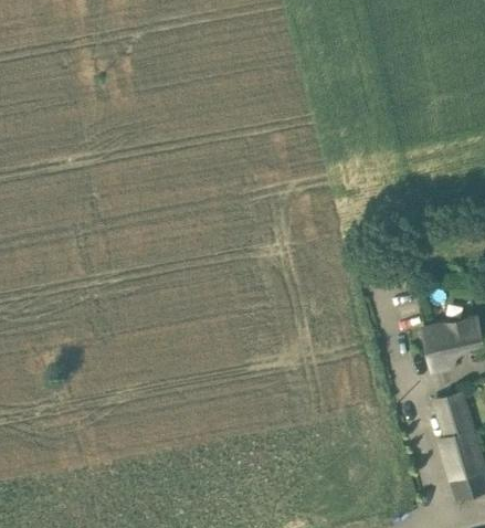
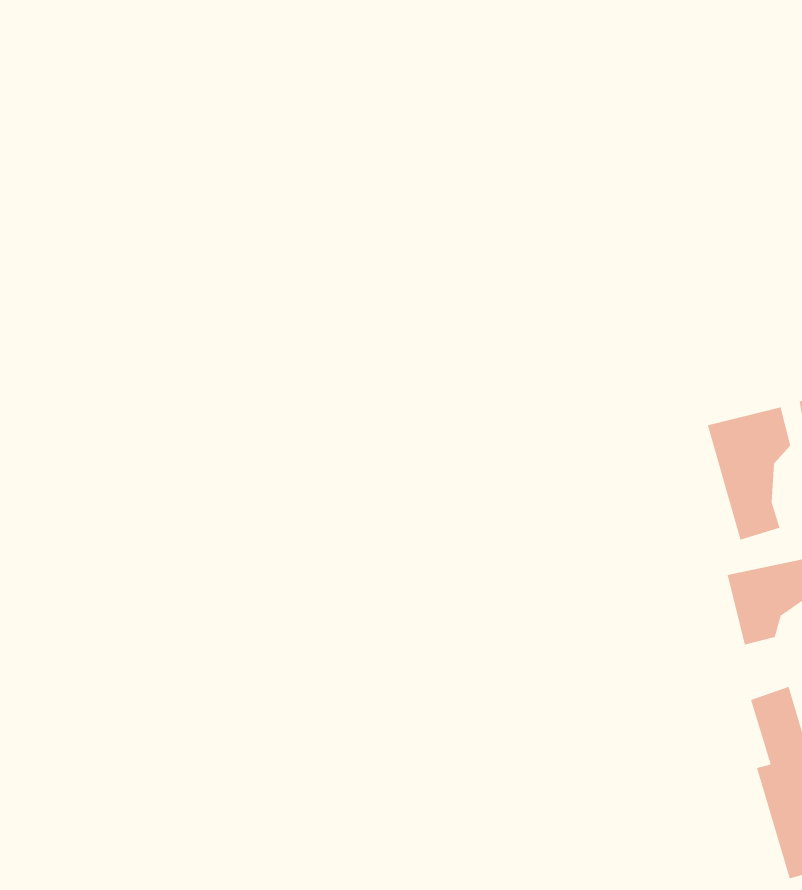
building: none -> [707,406,791,541]

